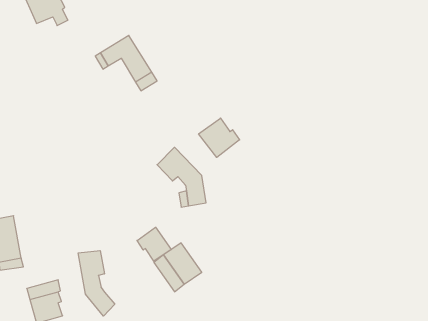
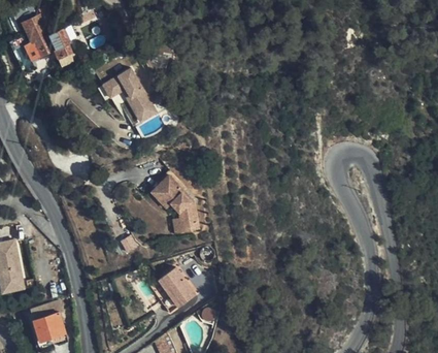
building: [199,118,240,157] -> none
building: [137,227,171,261] -> none
building: [78,251,115,316] -> none

